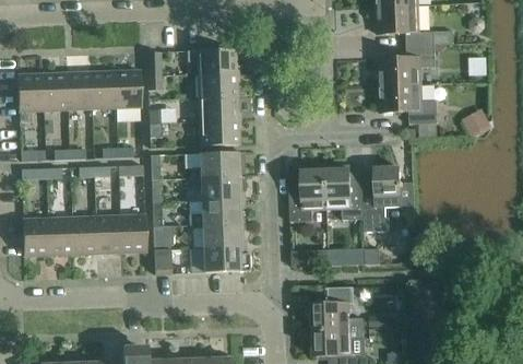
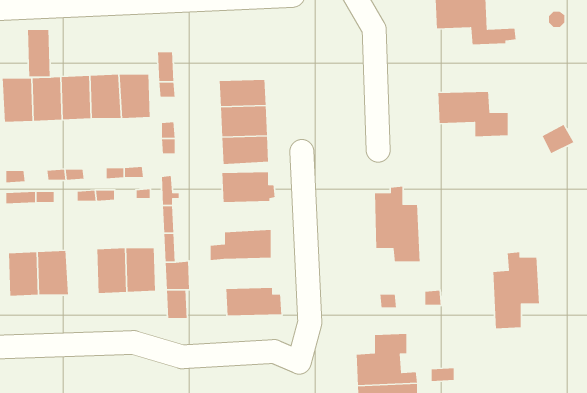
building: none -> [27,29,51,77]
building: [378,45,436,85] -> none
building: [187,48,236,75] -> none
building: [362,162,402,226] -> [492,252,540,329]
building: [289,165,328,228] -> none
building: [190,176,245,201] -> none
building: [71,215,97,254] -> none
building: [202,223,242,248] -> none

